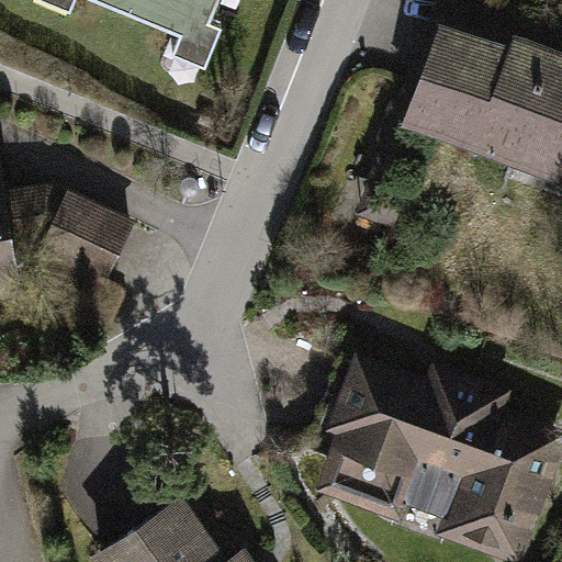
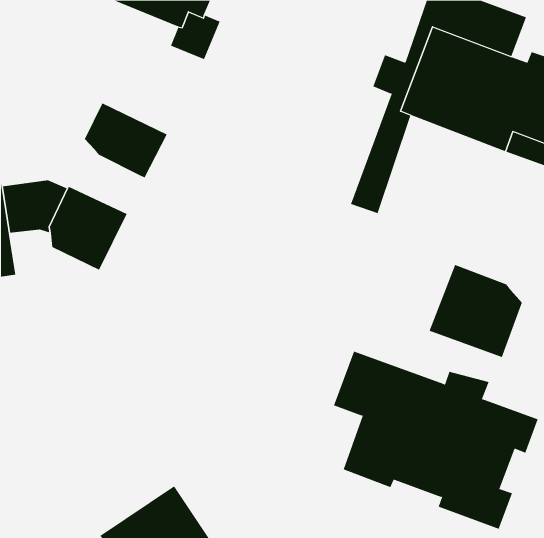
building: none -> [84,102,167,178]
building: none -> [429,264,523,358]

